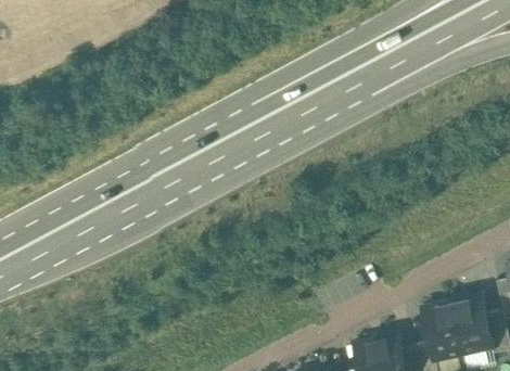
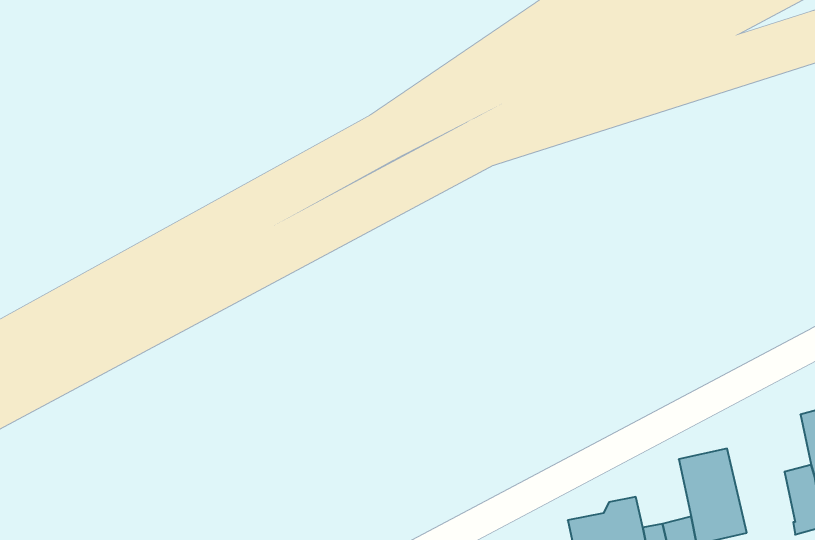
building: [452,296,494,354] -> none

